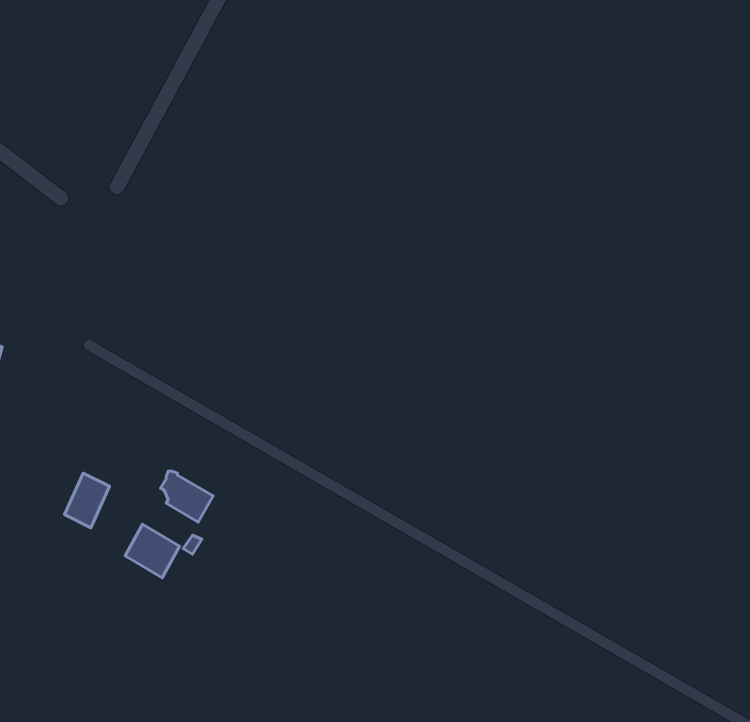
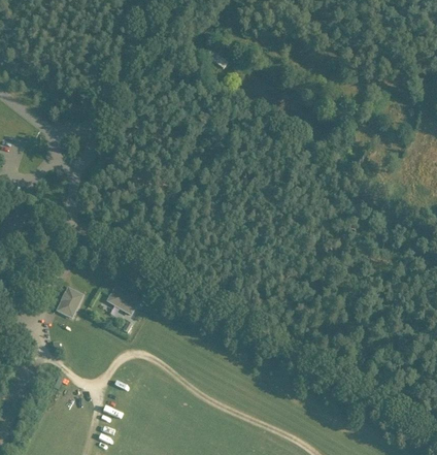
building: [125,524,180,578] -> none

